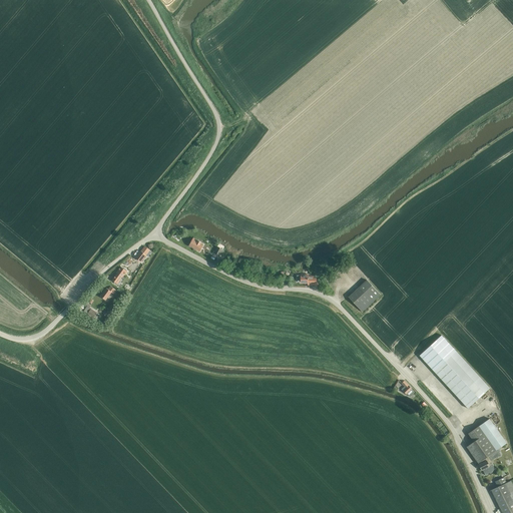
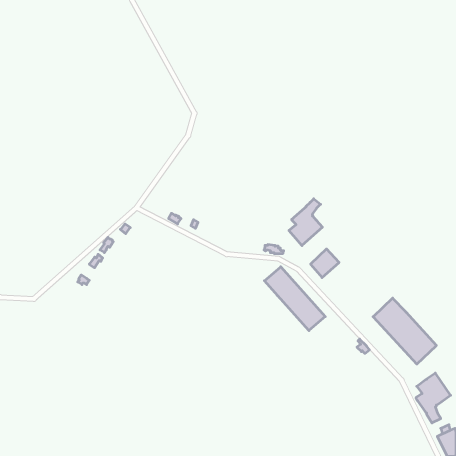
building: none -> [289,199,322,246]
building: none -> [264,267,325,331]

